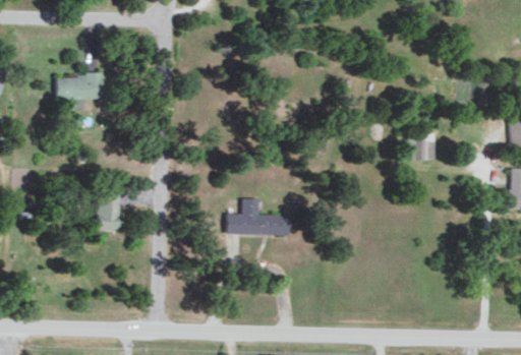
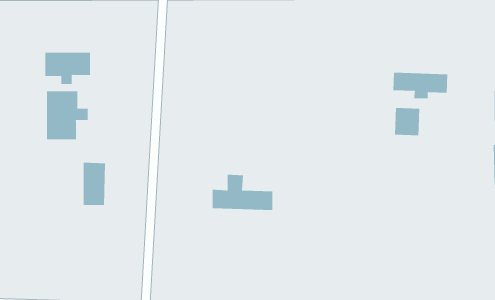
building: none -> [393,72,448,99]
building: none -> [47,90,88,140]

